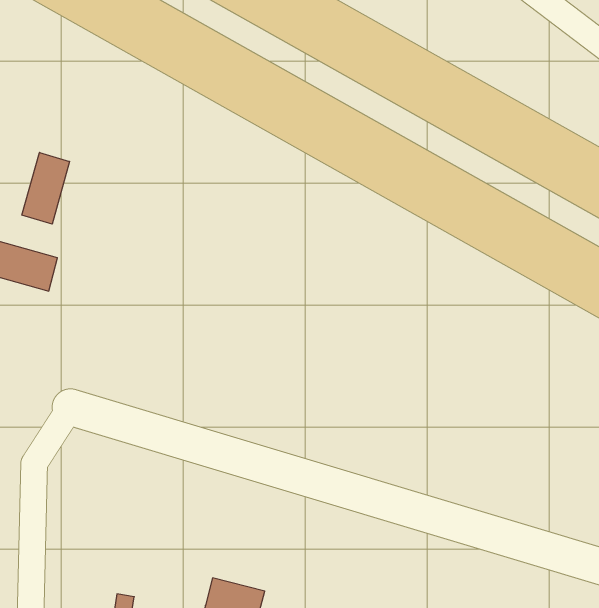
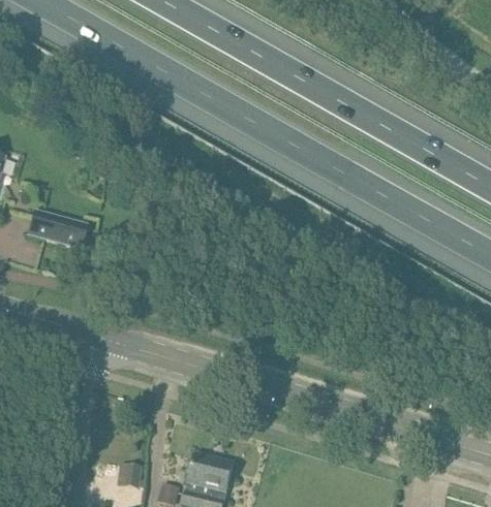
building: [22,152,70,224] -> none

